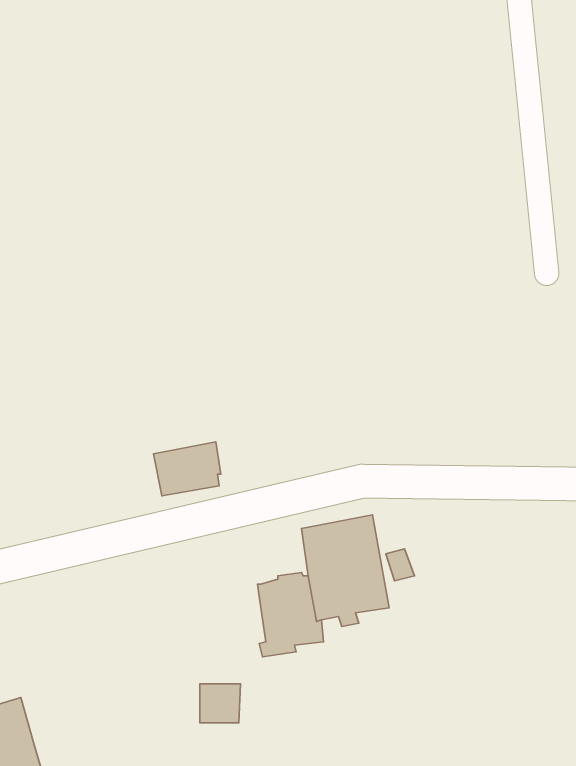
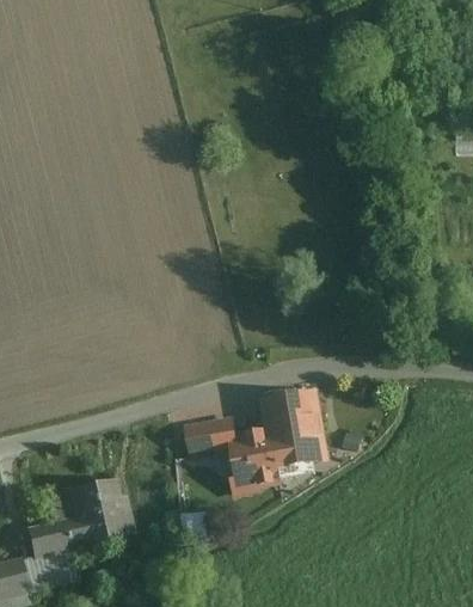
building: [153,442,221,496] -> [184,415,232,453]
building: none -> [62,477,131,551]

